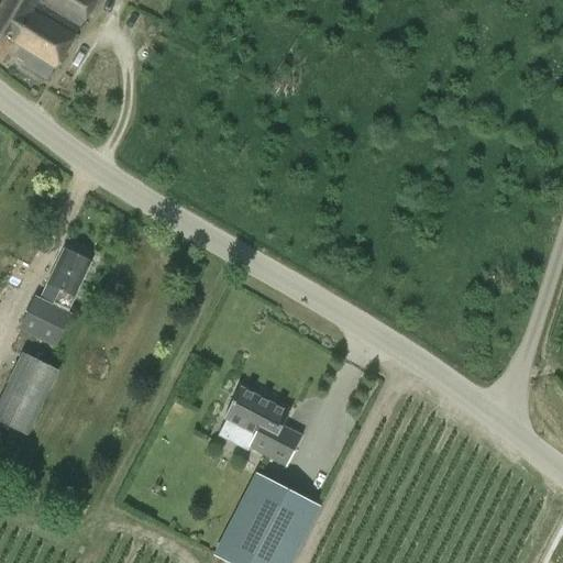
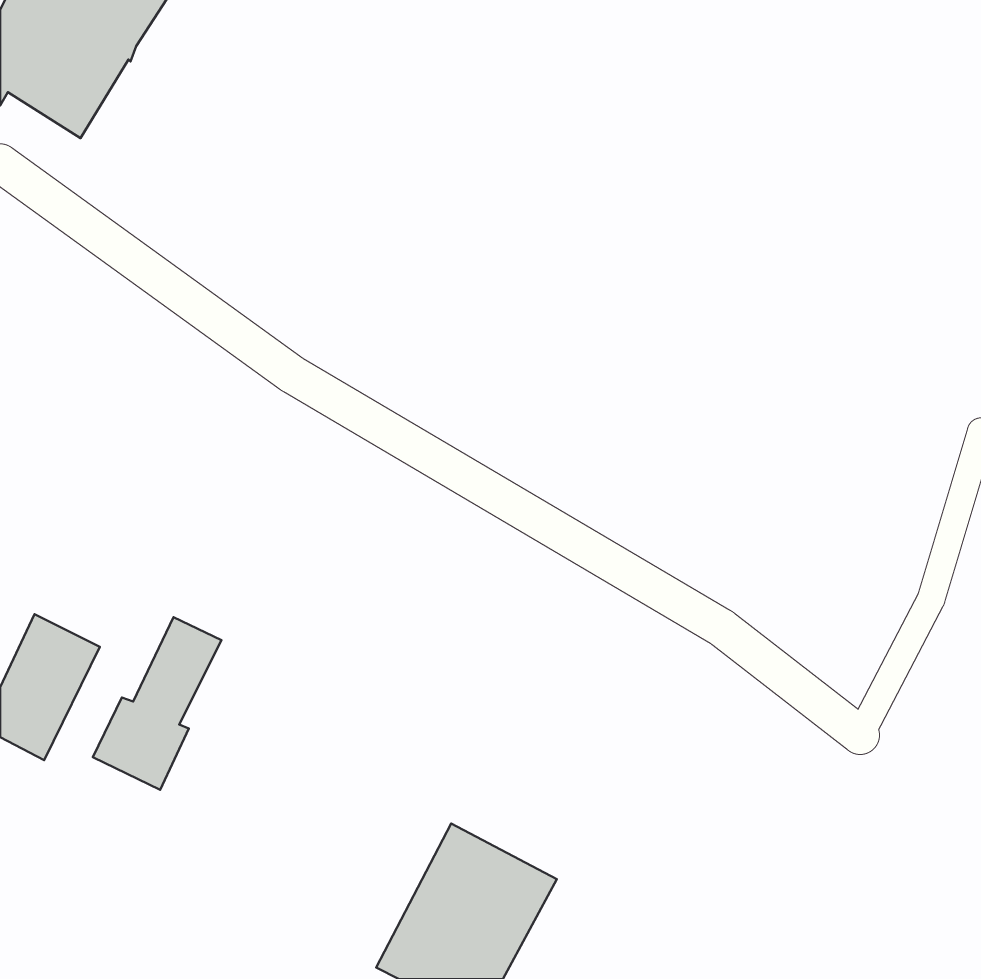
building: [16,249,90,347] -> [93,617,222,790]
building: [223,387,302,464] -> none

